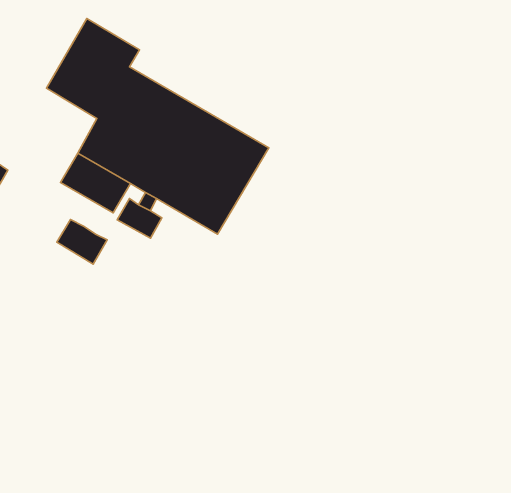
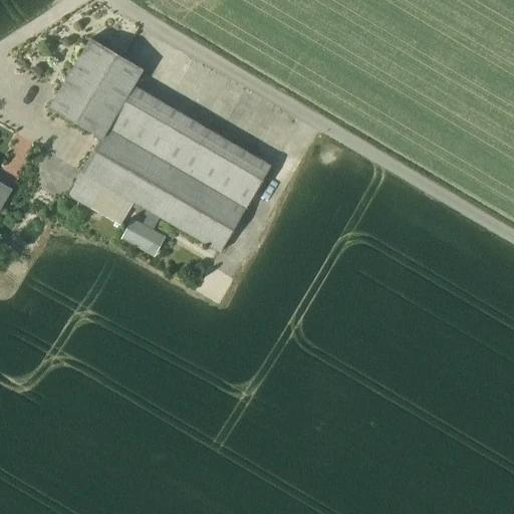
building: [57,220,107,264] -> none

